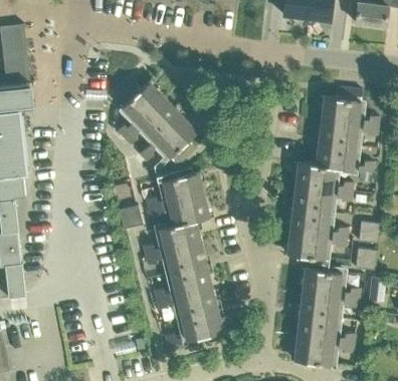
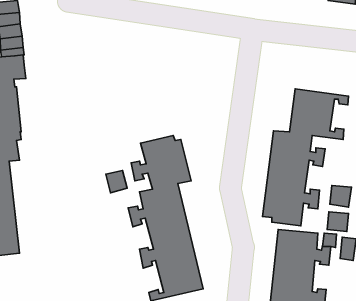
building: [114,80,196,164] -> none
building: [321,86,379,126] -> none

